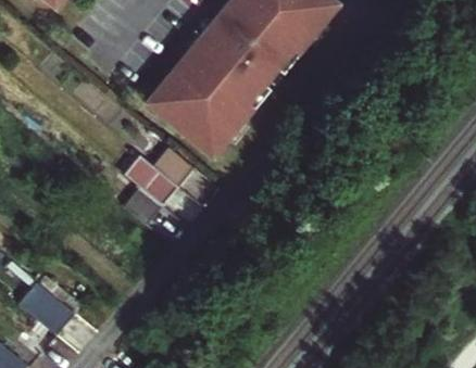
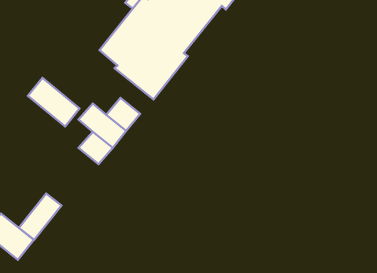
building: none -> [28,78,80,126]
building: none -> [19,193,62,240]

